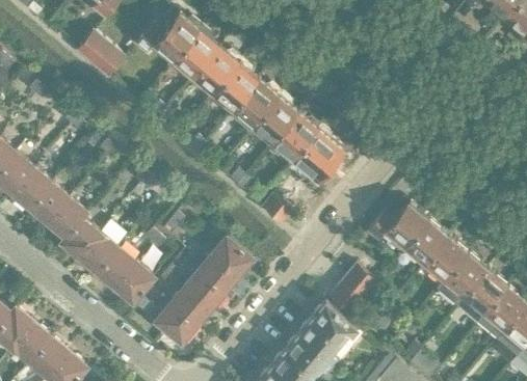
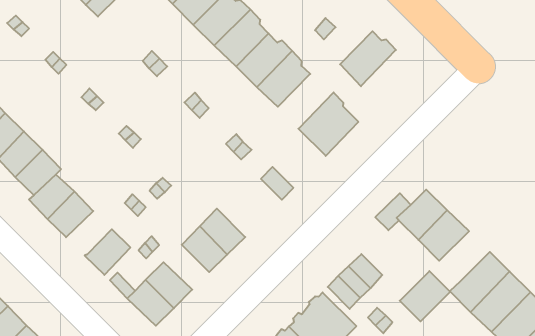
building: [272,112,320,161] -> [340,31,396,86]
building: [425,238,469,282] -> [400,271,450,321]
building: [97,248,136,288] -> none
building: [184,271,225,309] -> none

